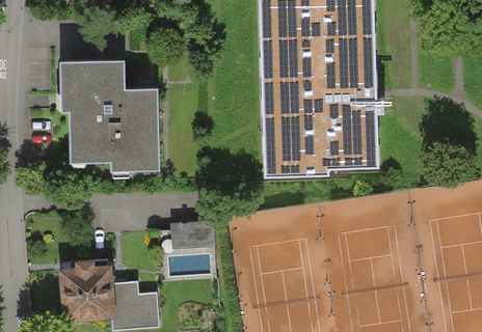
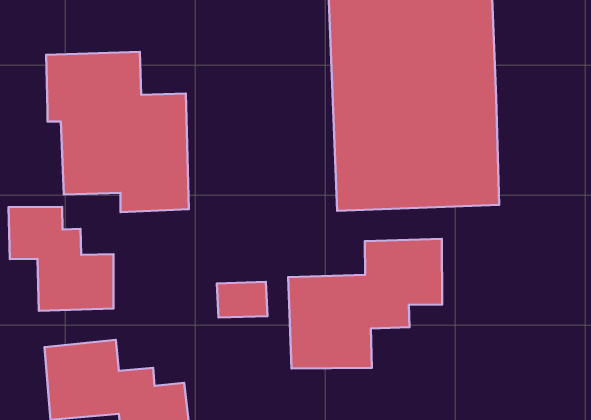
building: none -> [9,207,114,311]
building: none -> [288,239,442,369]

